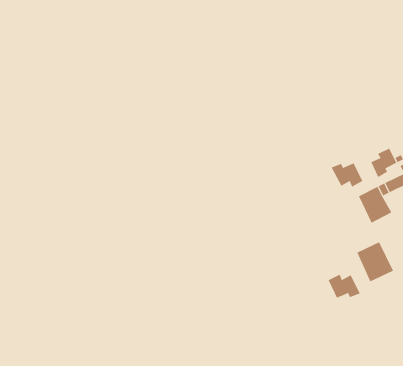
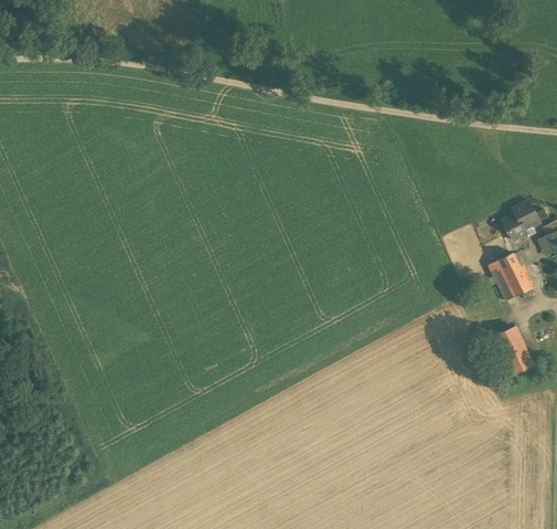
building: [331,162,363,188] -> none
building: [328,274,360,299] -> none

